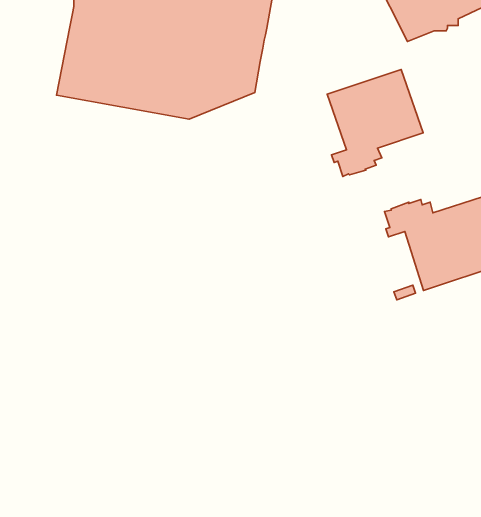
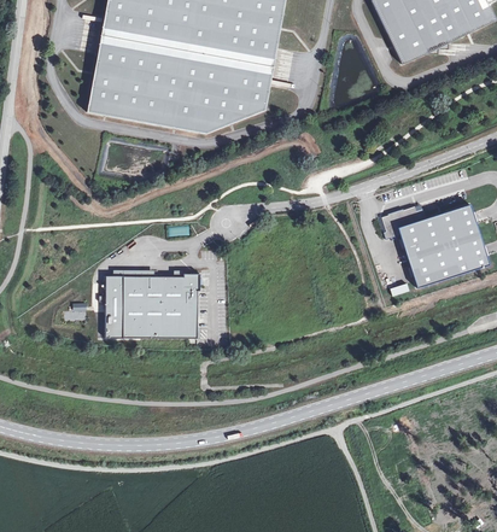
building: [327,70,423,176] -> none
building: none -> [100,271,200,338]

